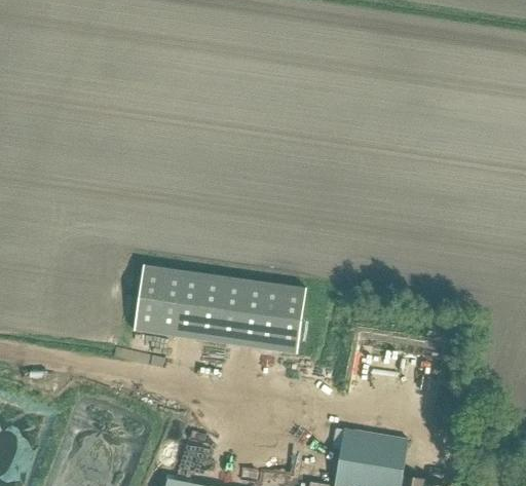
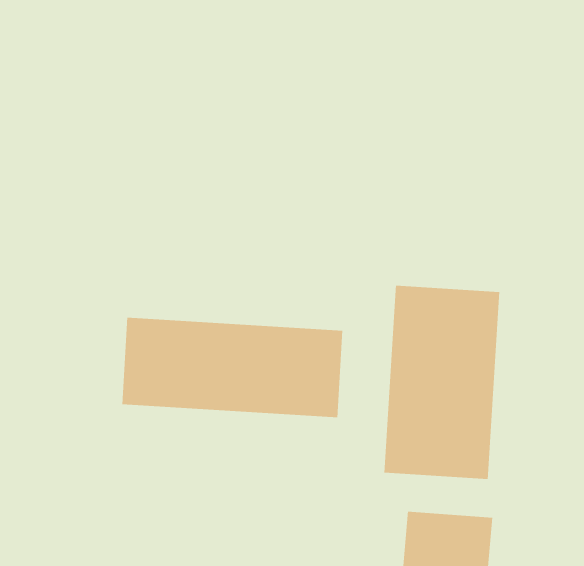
building: none -> [384,285,500,480]

